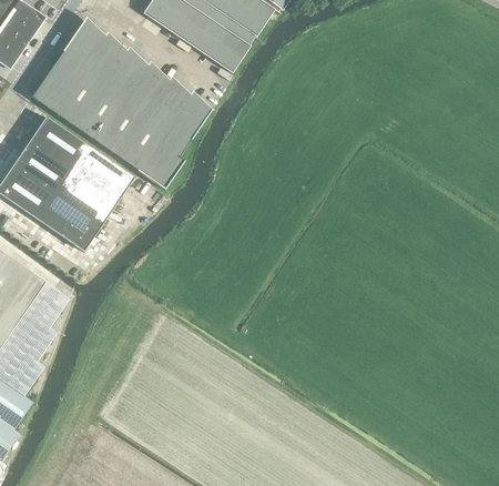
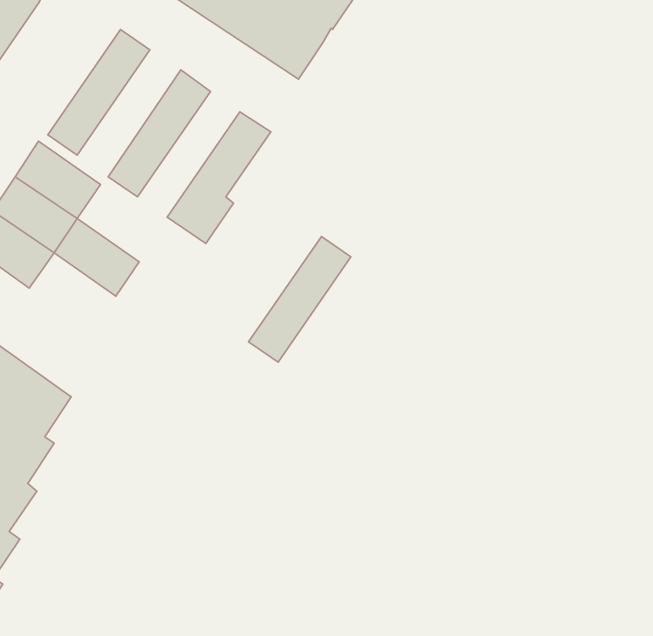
building: [31,21,104,111] -> none
building: [73,50,147,141] -> none
building: [116,80,190,170] -> [249,237,351,362]
building: [73,146,135,202] -> none
building: [39,195,101,251] -> none

